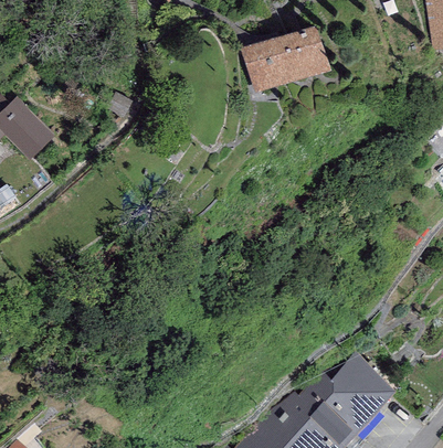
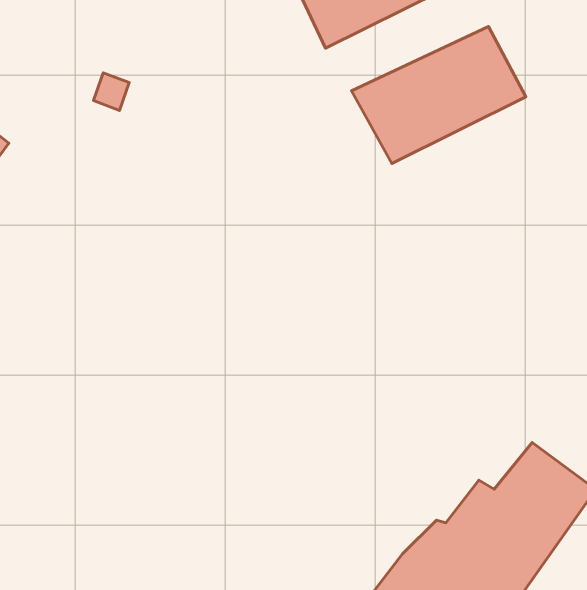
building: none -> [352,27,526,164]

